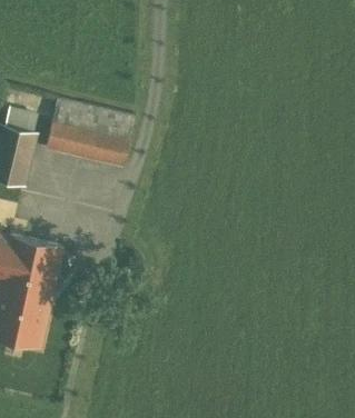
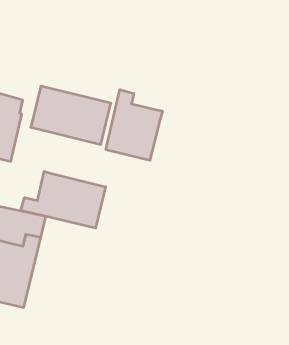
building: none -> [106,90,162,160]
building: none -> [21,171,106,228]

